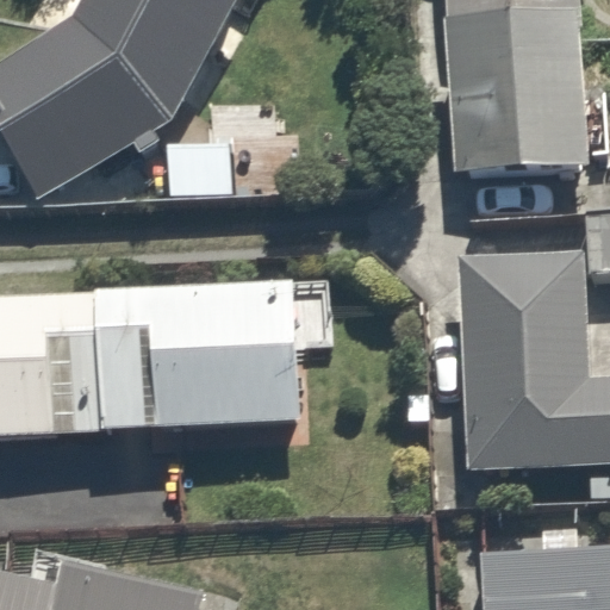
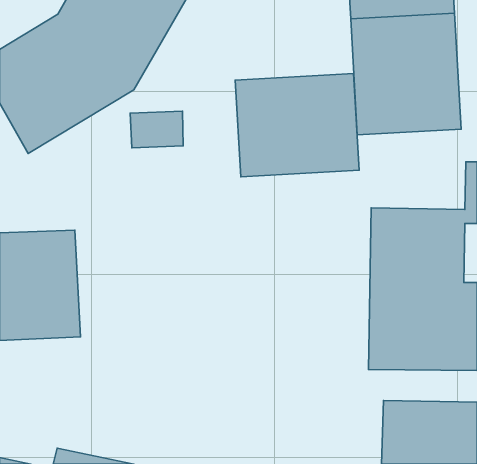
building: none -> [235,73,359,177]
building: [95,282,299,429] -> none

